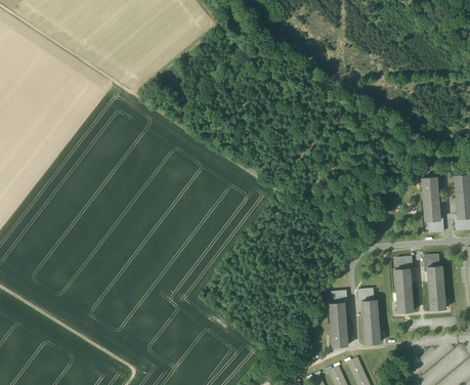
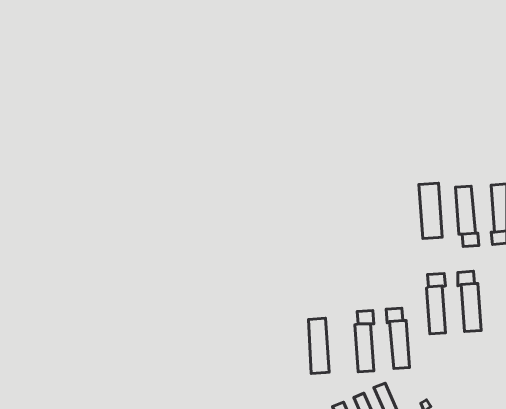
building: none -> [419,183,442,239]
building: none -> [309,318,329,373]

